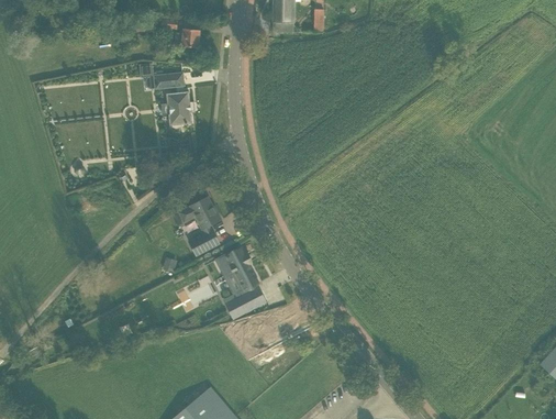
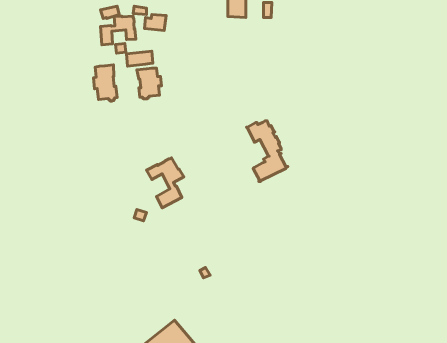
building: none -> [100,16,136,45]
building: none -> [93,65,117,101]
building: [218,249,266,320] -> [247,121,288,182]

